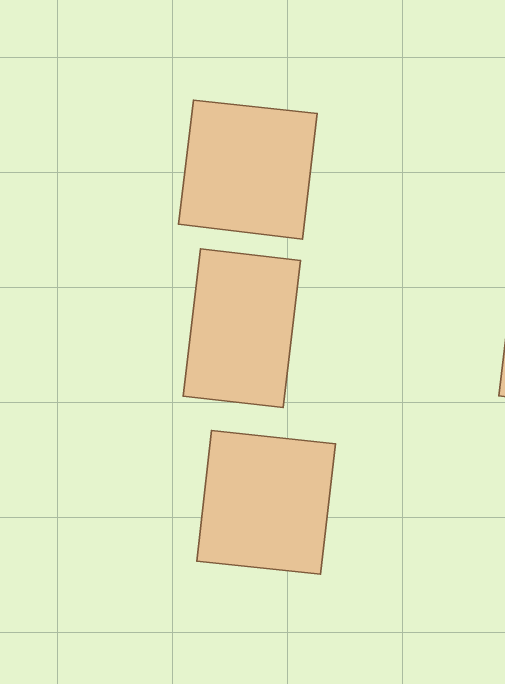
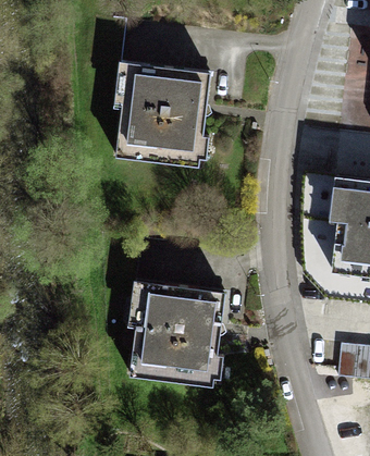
building: [183,249,300,407] -> none

